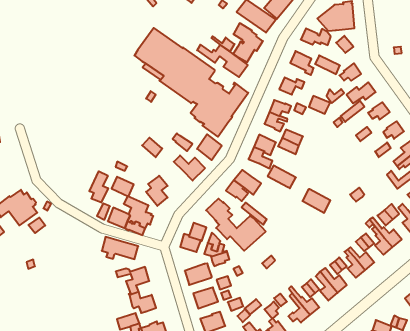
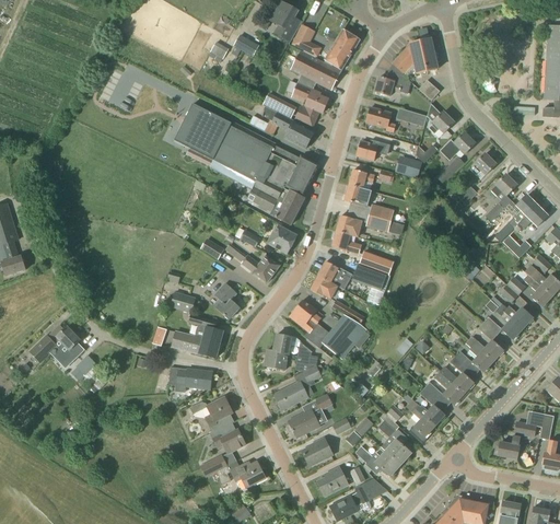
building: [89,171,108,203] -> none
building: [302,189,330,213] -> [351,264,385,290]

